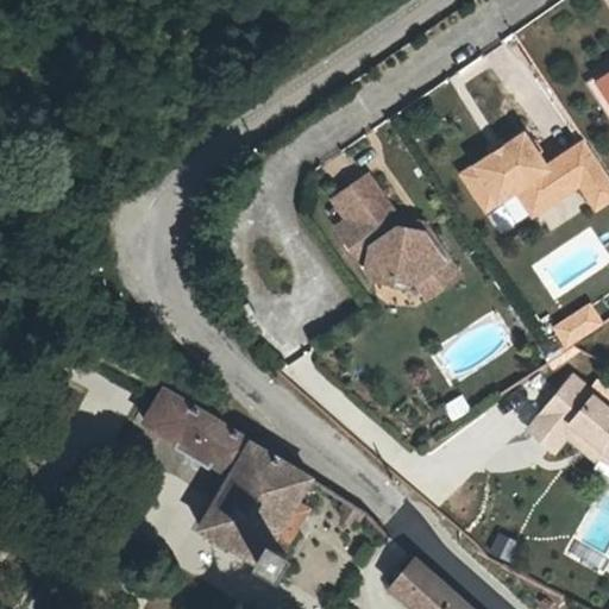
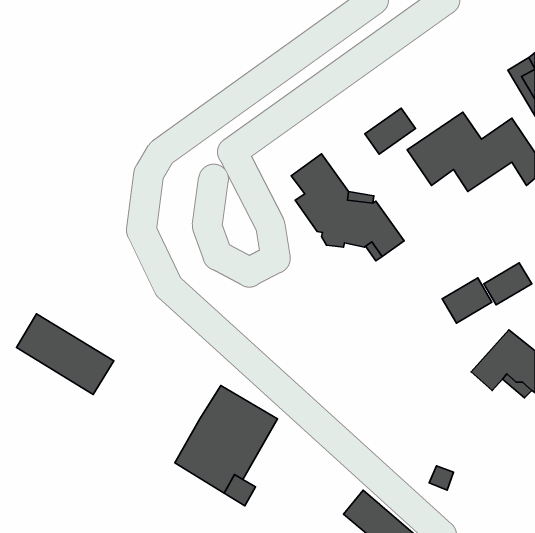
building: none -> [365,108,415,154]
building: none -> [442,278,492,323]
building: [140,387,251,478] -> [17,314,114,394]

